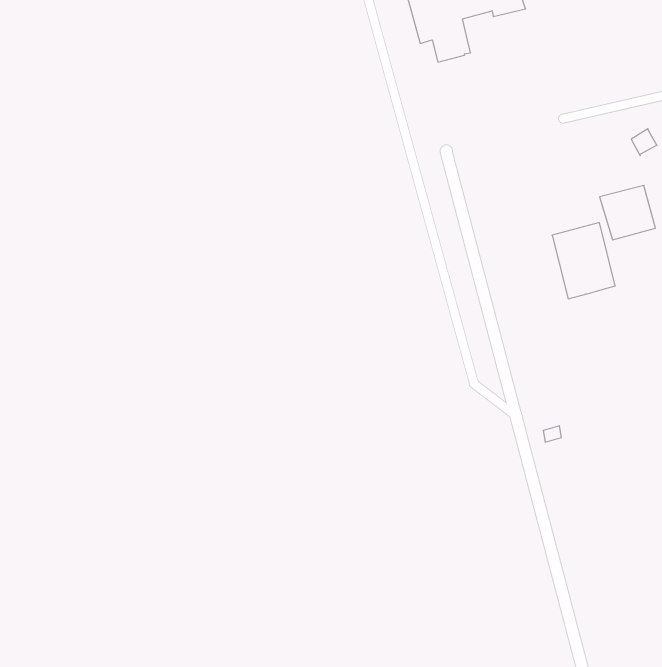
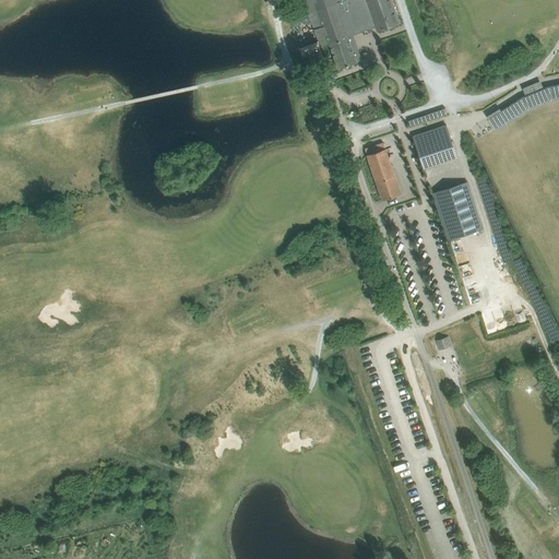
building: none -> [366,146,401,200]
building: [600,185,655,240] -> [412,124,455,167]

